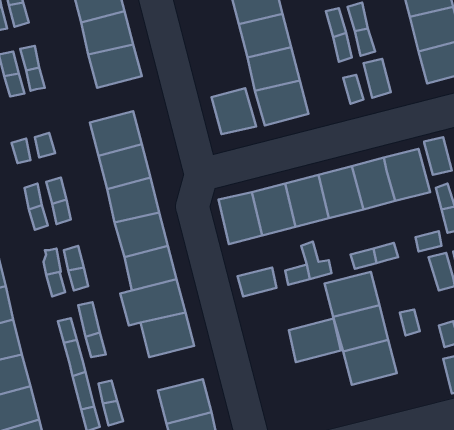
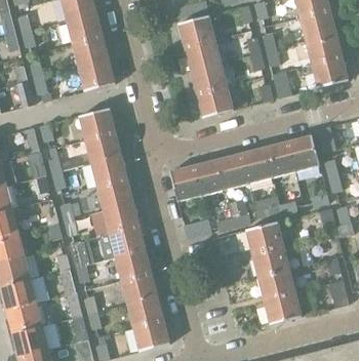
building: [211,88,256,134] -> none
building: [289,319,341,362] -> [264,293,301,324]
building: none -> [120,274,158,306]

